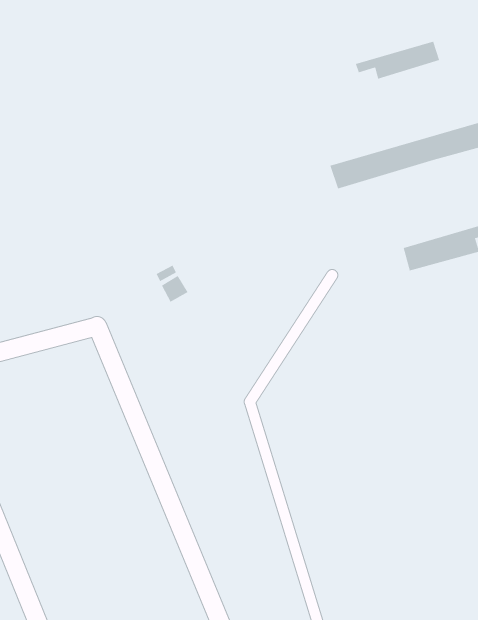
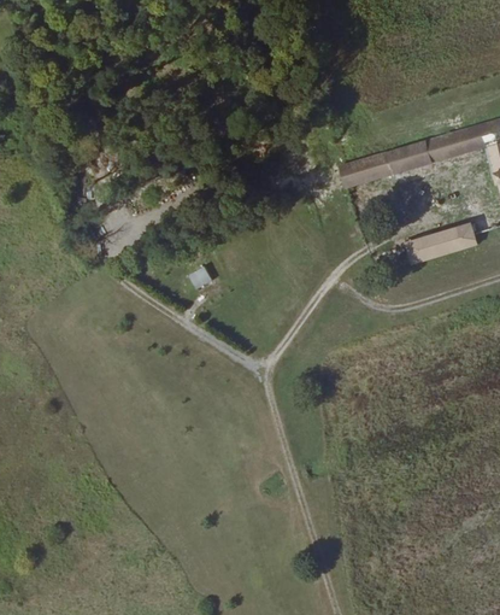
building: [355,41,440,79] -> none

